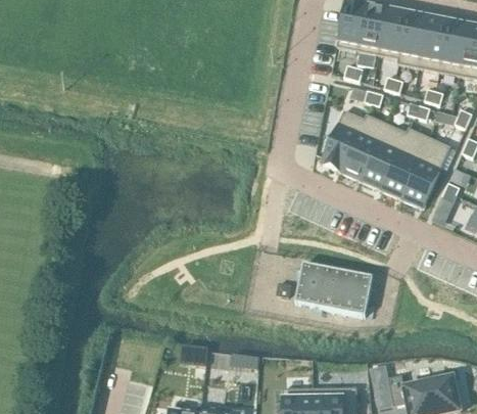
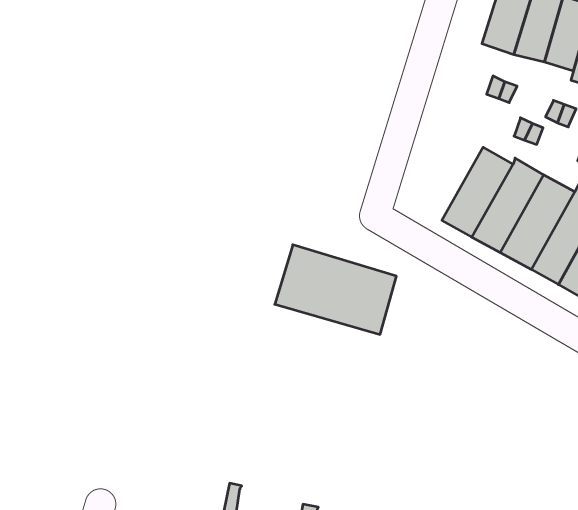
building: [295,262,373,315] -> [275,245,396,334]

